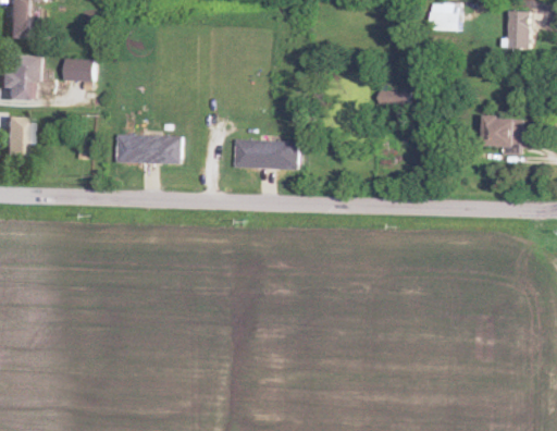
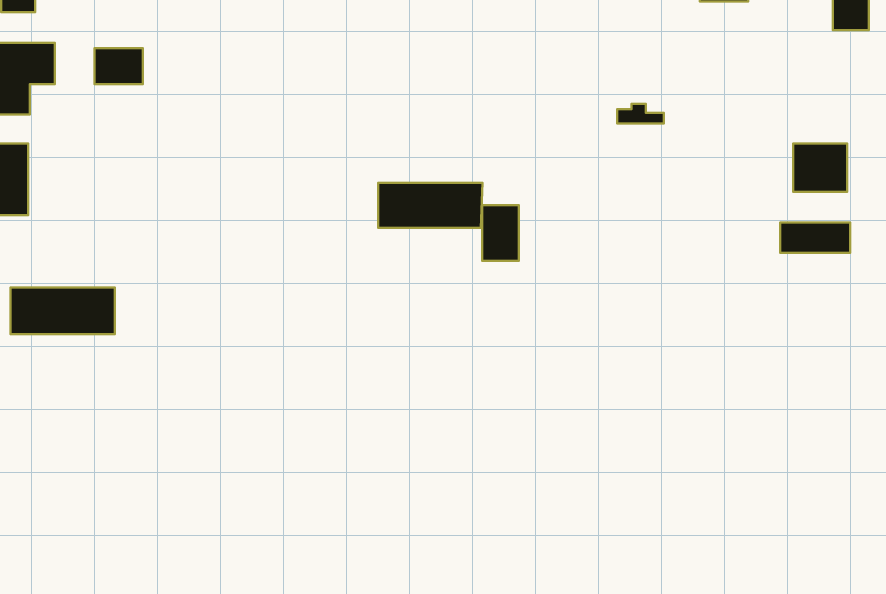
building: [117,135,181,163] -> [10,288,115,334]
building: none -> [482,205,519,261]
building: none -> [780,222,850,253]

